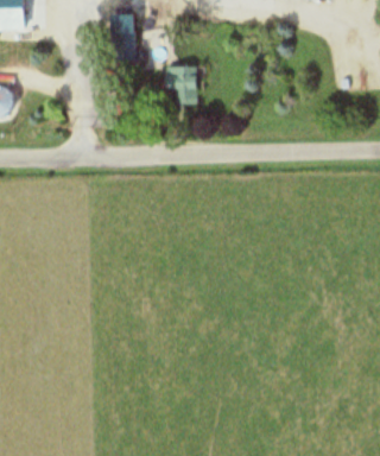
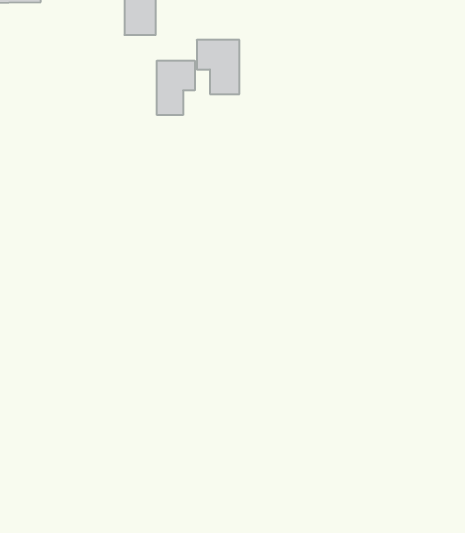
building: none -> [157,61,195,115]

